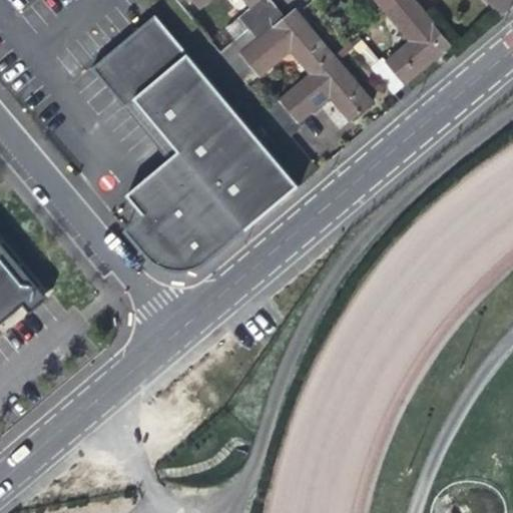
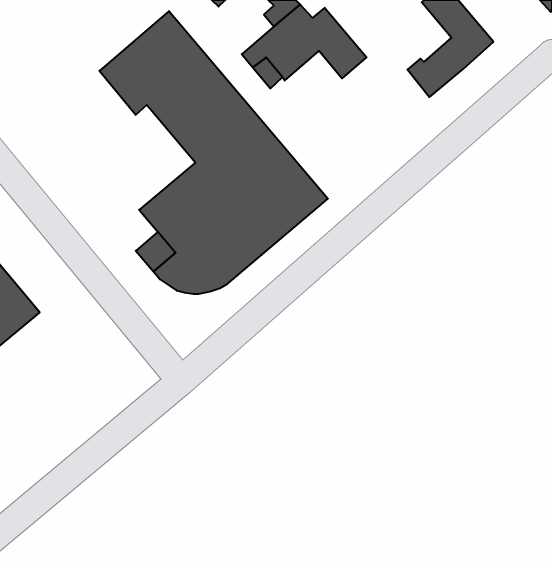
building: [268,55,370,134] -> none

